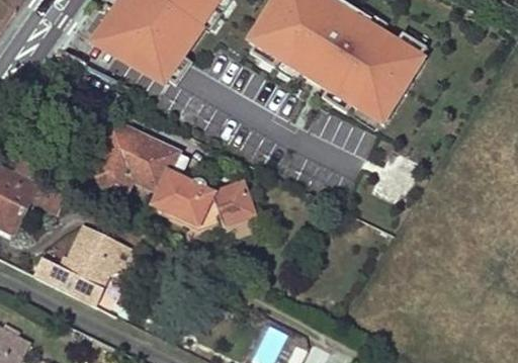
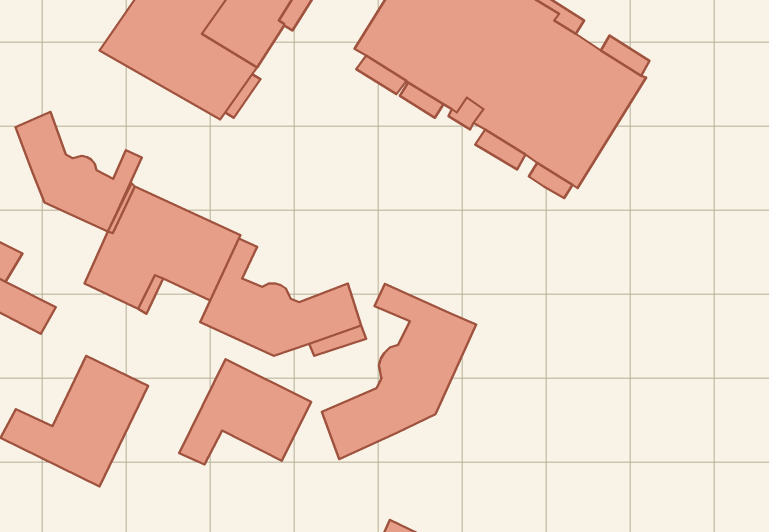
building: none -> [15,112,142,232]
building: none -> [322,284,476,459]
building: none -> [179,359,311,464]

